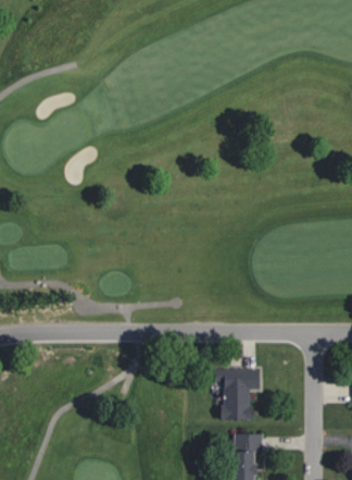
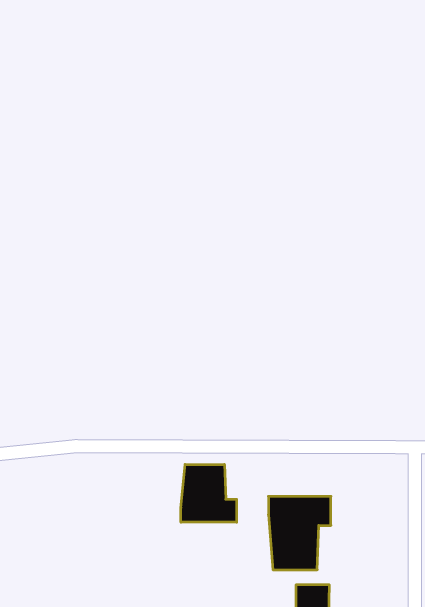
building: none -> [181,464,237,522]

